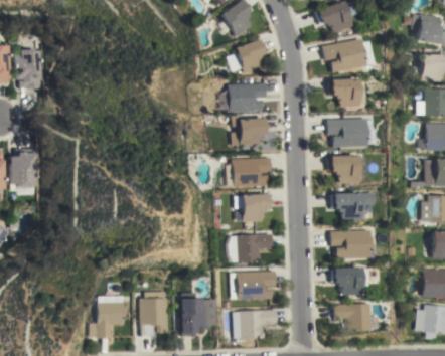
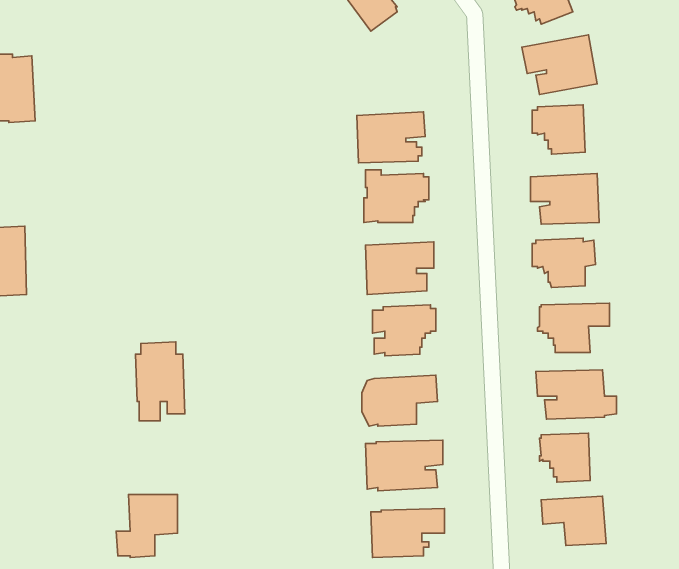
building: [228,38,266,73] -> none
building: [140,291,168,336] -> [136,342,185,421]
building: [180,293,208,336] -> none

